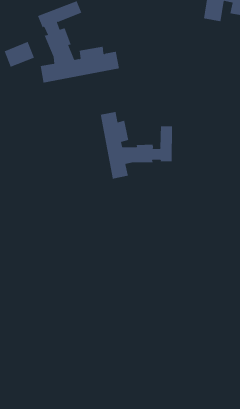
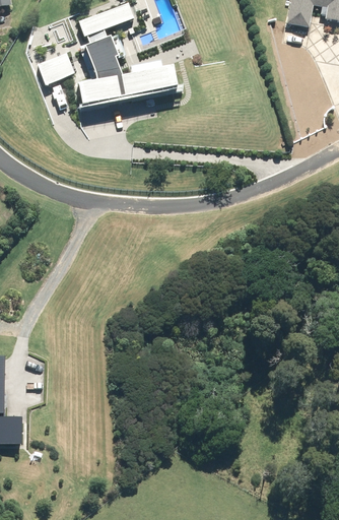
building: [100,111,173,179] -> none

